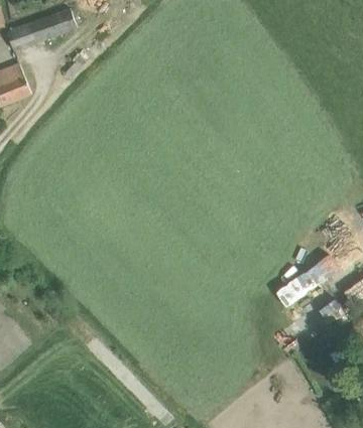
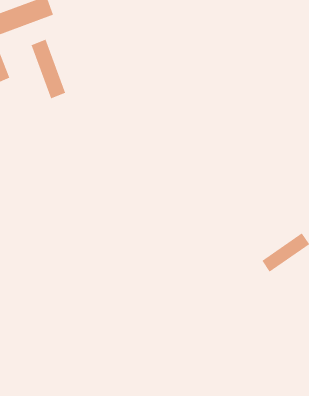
building: none -> [31,39,66,99]

